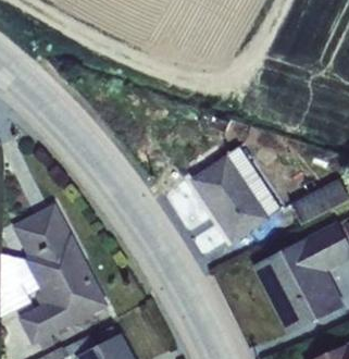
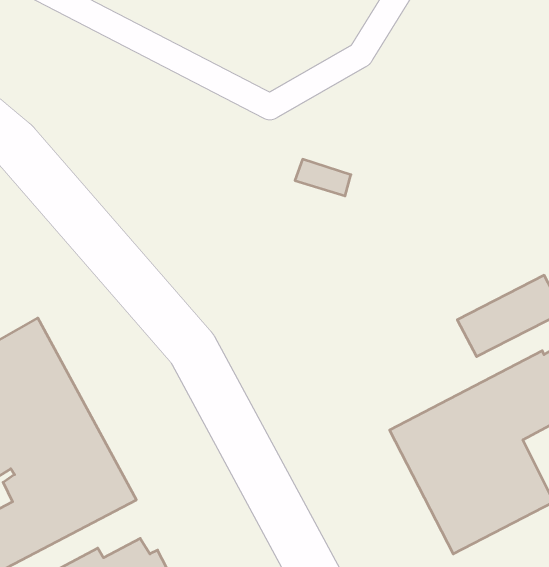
building: [187,141,282,244] -> none

